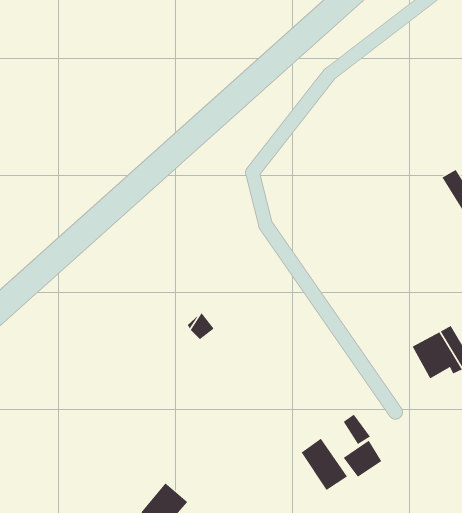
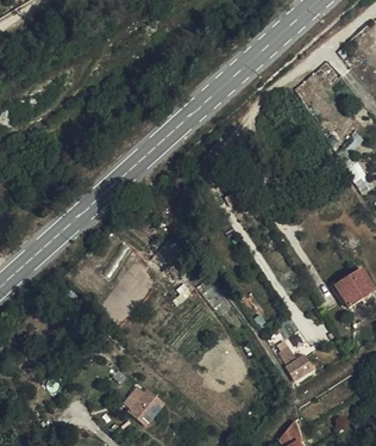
building: [301,438,348,491] -> none

